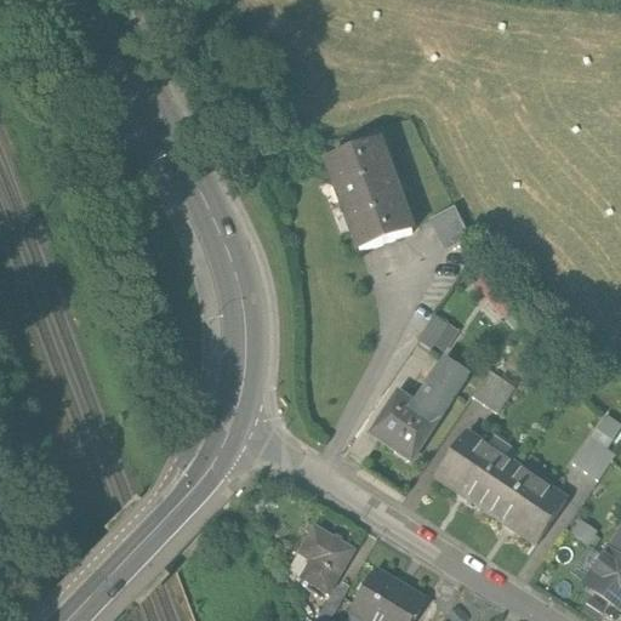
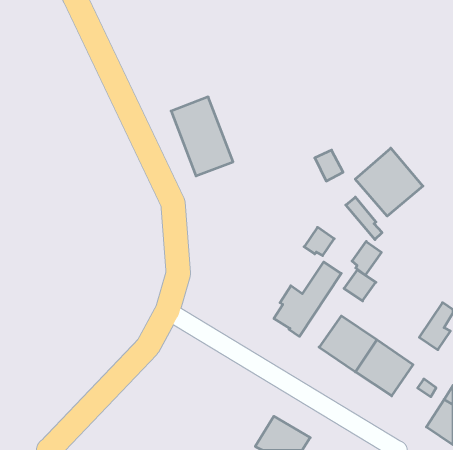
building: [326,139,411,247] -> [171,97,233,176]
building: none -> [355,148,423,216]
building: none -> [352,241,381,275]
building: [298,526,353,593] -> none

